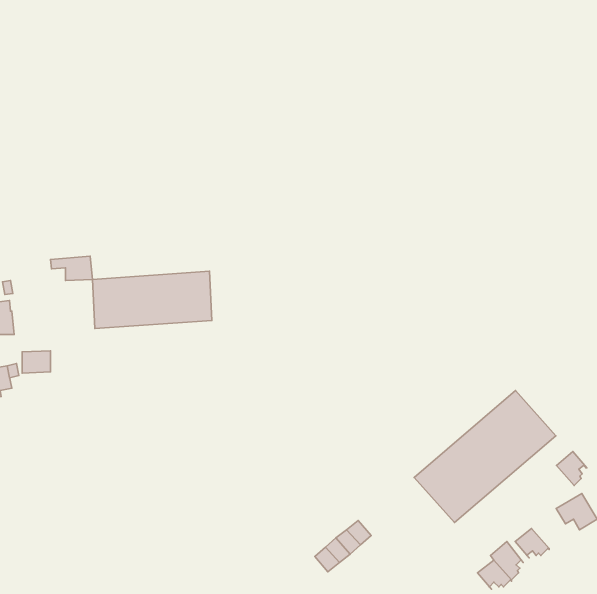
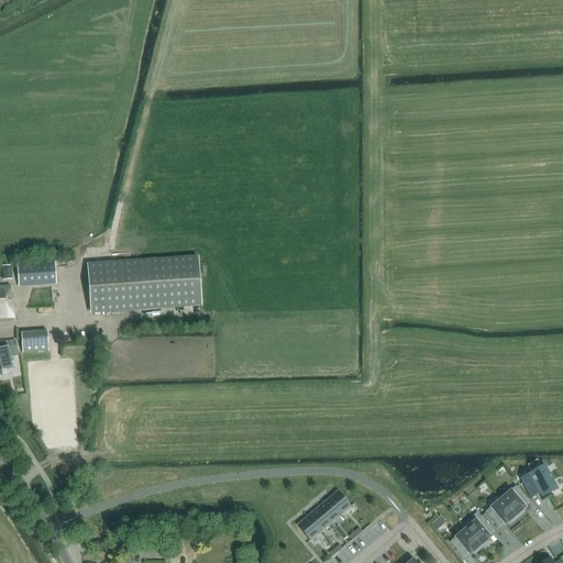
building: [50,256,92,281] -> [15,260,55,283]
building: [414,391,556,523] -> none
building: [556,451,587,485] -> [499,484,528,516]

